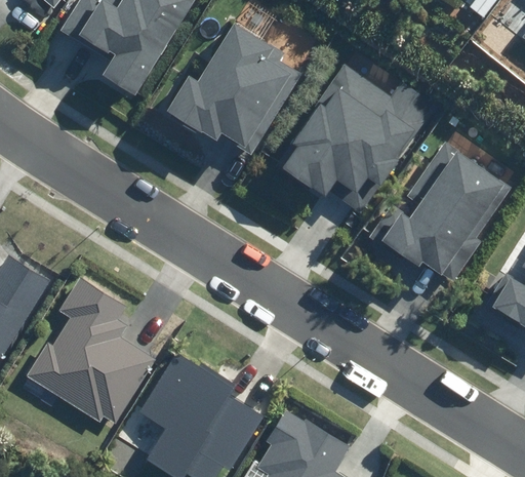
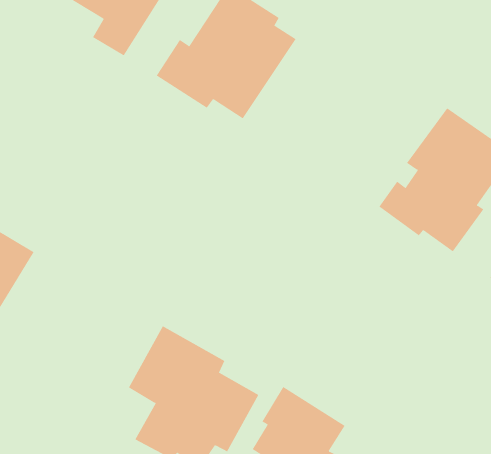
building: [282,64,434,193] -> none
building: [27,277,154,424] -> none

